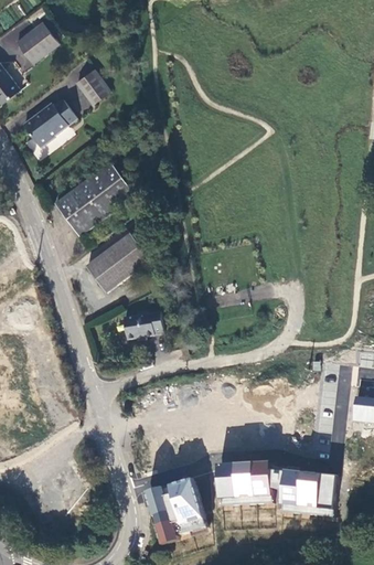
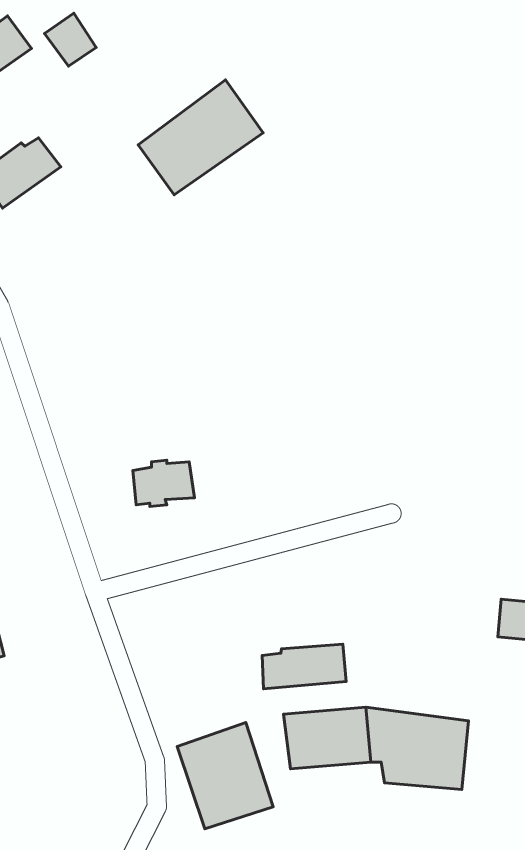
building: [74,68,107,103] -> [45,13,96,66]
building: [52,160,132,234] -> [138,80,263,195]
building: [82,233,145,290] -> none
building: none -> [262,644,346,689]

